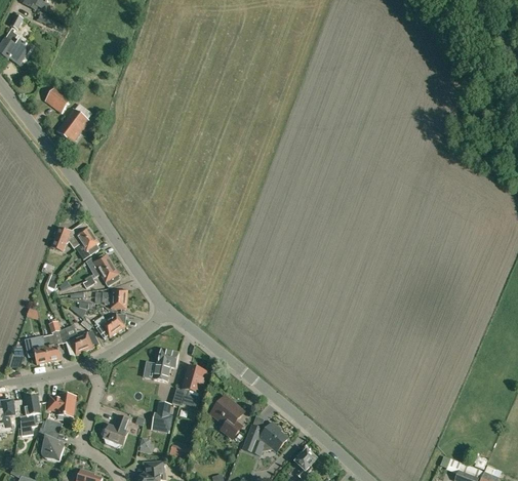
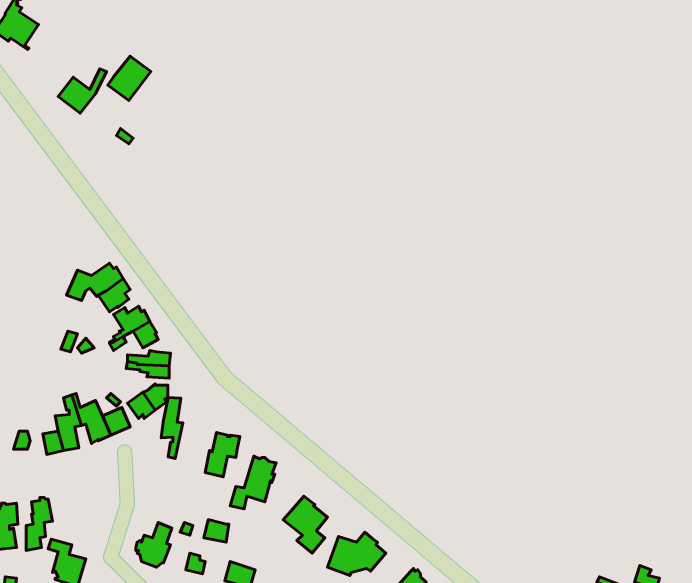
building: [56,109,88,142] -> [108,56,151,101]
building: none -> [161,397,183,459]
building: [47,393,75,415] -> none

